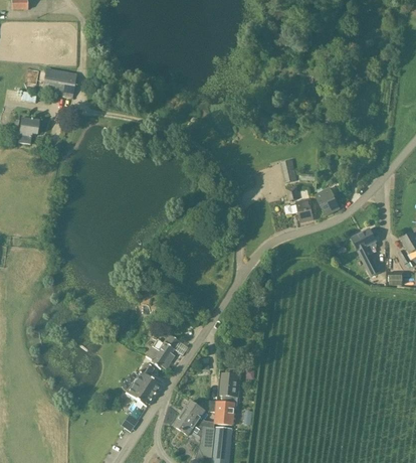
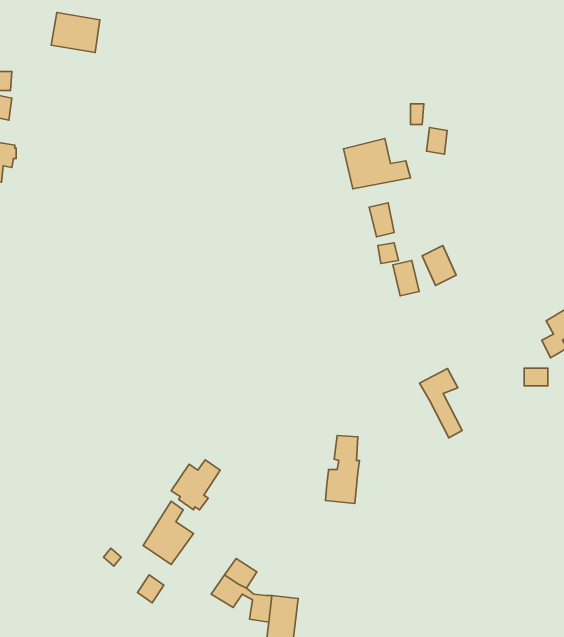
building: [42,69,75,97] -> [51,13,100,52]
building: none -> [343,138,410,189]
building: [351,227,380,275] -> [419,369,462,438]
building: [213,377,236,424] -> [325,435,359,503]

